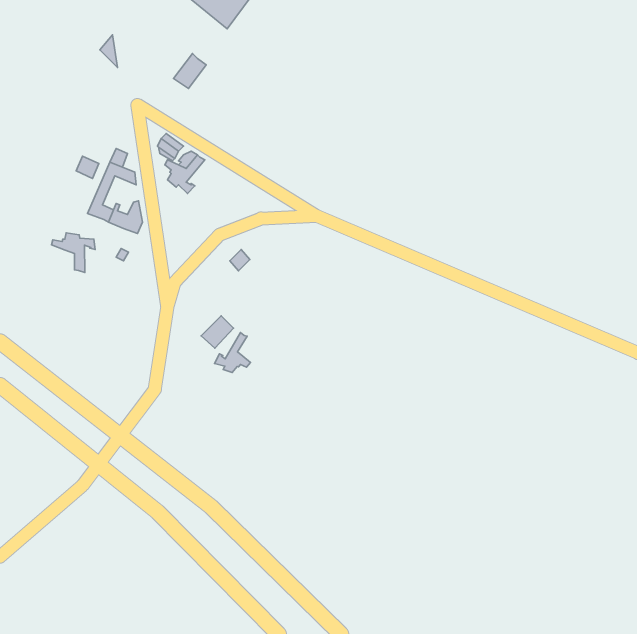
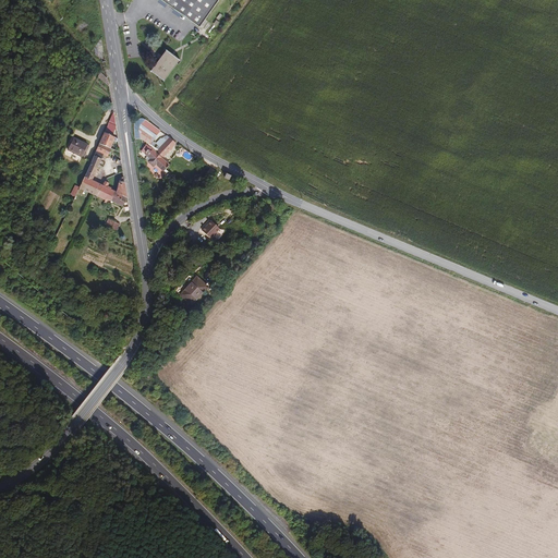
building: [51,233,95,273] -> none
building: [215,333,250,373] -> none

